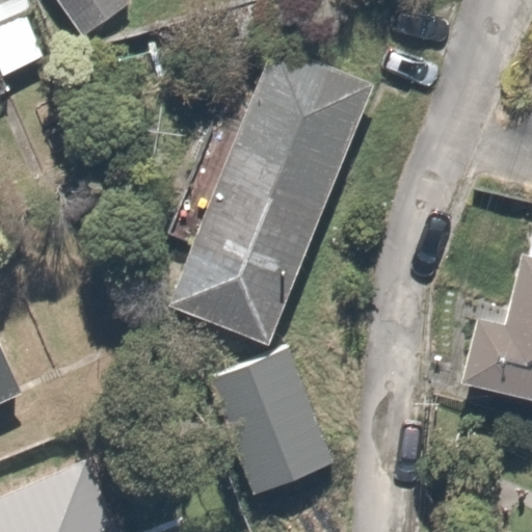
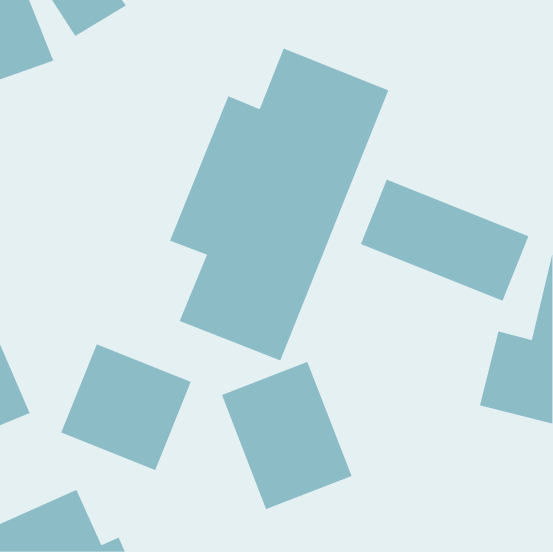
building: none -> [360,179,529,301]
building: none -> [61,343,191,471]

